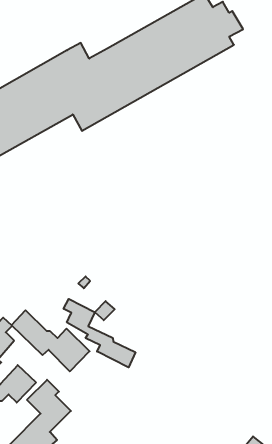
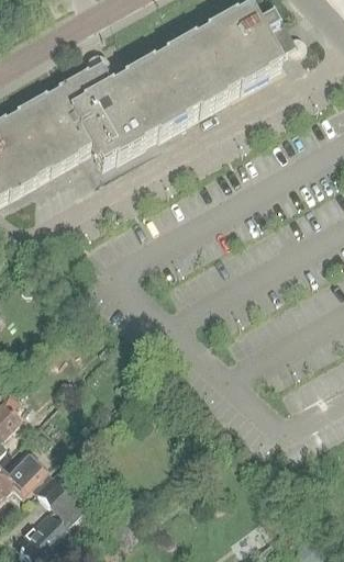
building: [64,299,135,367] -> none
building: [12,310,90,371] -> none

